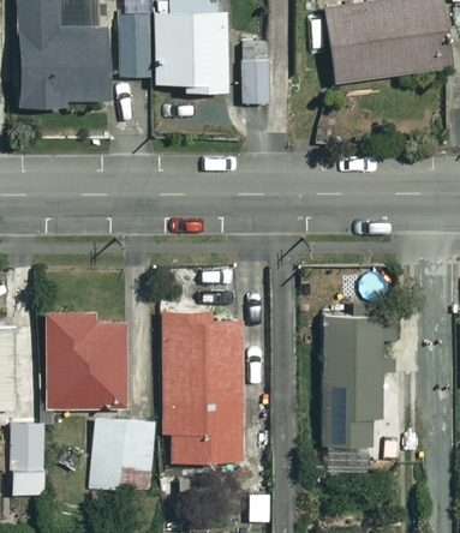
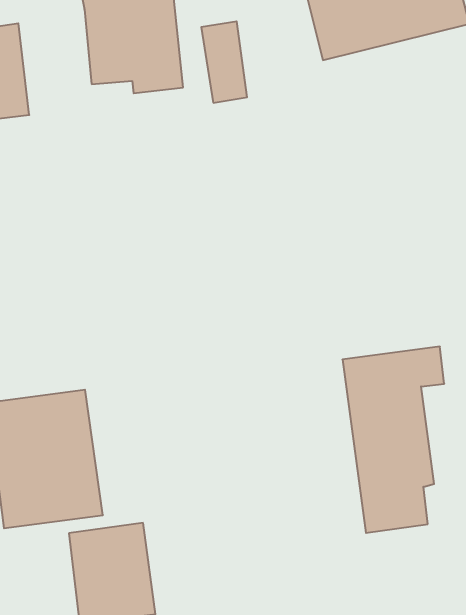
building: [119,22,156,79] -> none
building: [163,310,244,463] -> none

